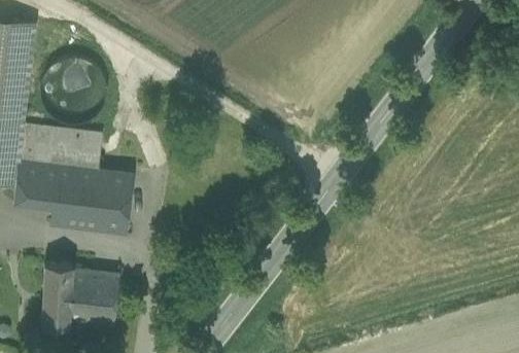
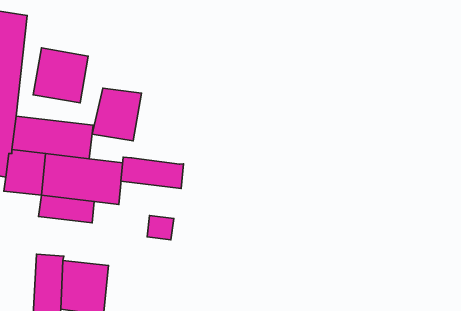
building: none -> [92,88,142,141]
building: none -> [121,157,184,189]
building: [101,210,128,235] -> [147,216,174,240]

